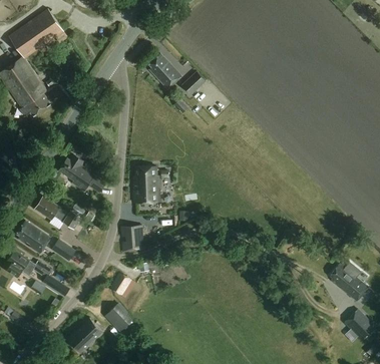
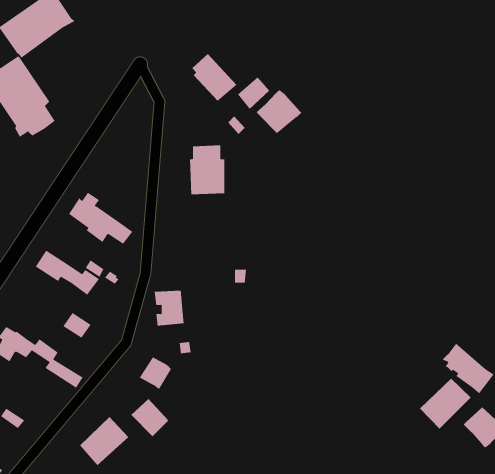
building: none -> [256,89,302,134]
building: [133,166,159,203] -> [189,145,225,195]
building: [17,222,50,254] -> none
building: none -> [419,378,472,430]

